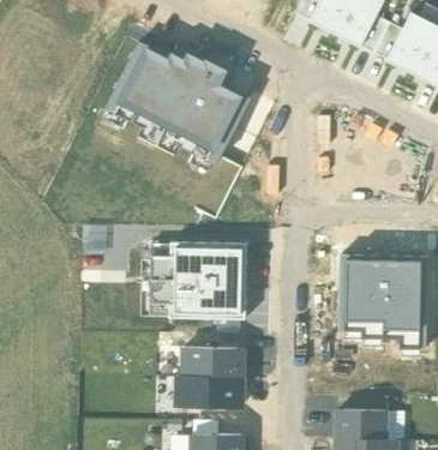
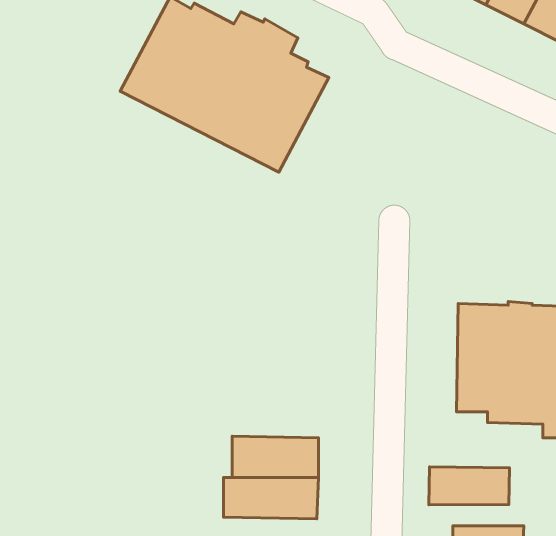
building: [150,240,247,317] -> none
building: none -> [429,467,509,505]

